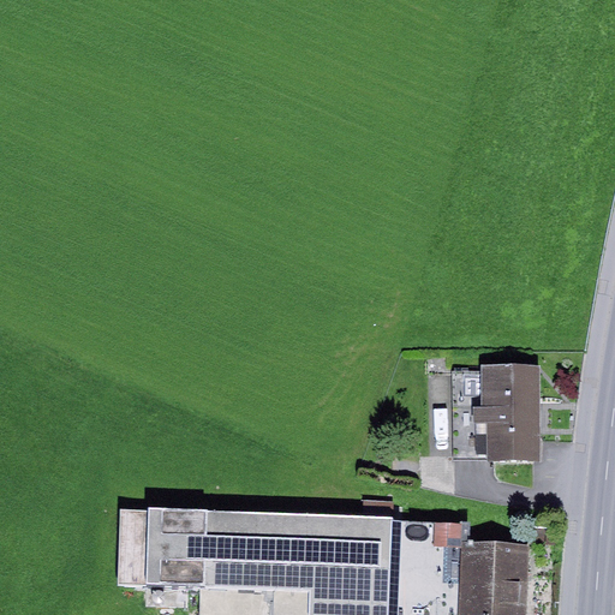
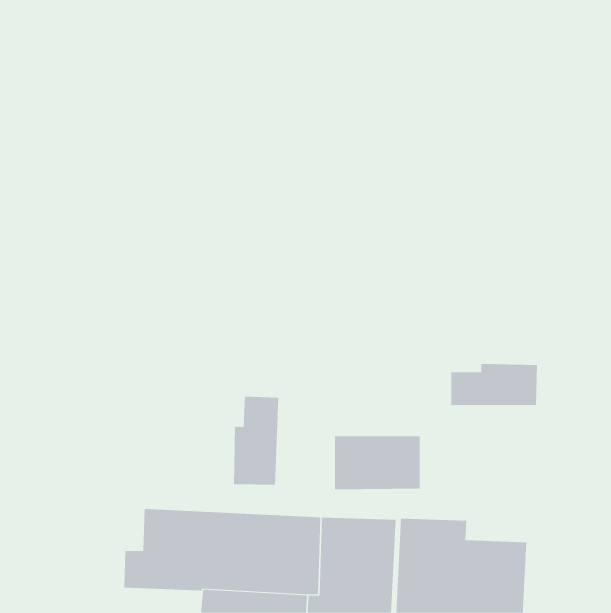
building: none -> [233,396,279,485]
building: [452,406,538,460] -> [334,436,420,490]

